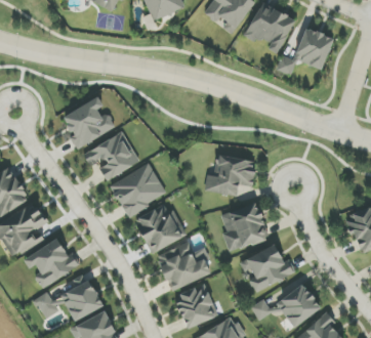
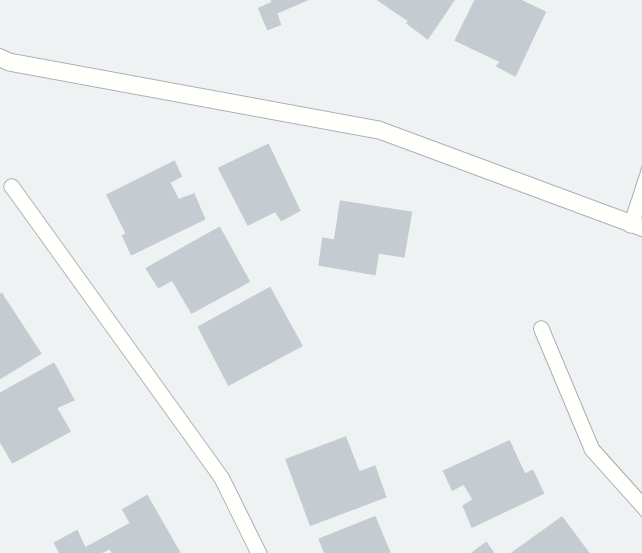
building: [279,27,334,74] -> none
building: none -> [217,142,301,227]
building: [206,155,256,195] -> [318,200,413,276]
building: [221,202,270,251] -> none
building: [134,203,182,253] -> none
building: [24,237,77,287] -> none

